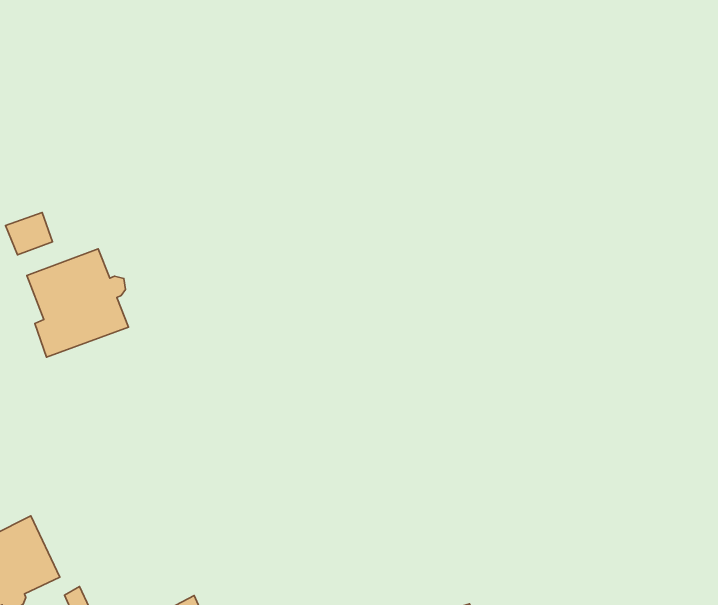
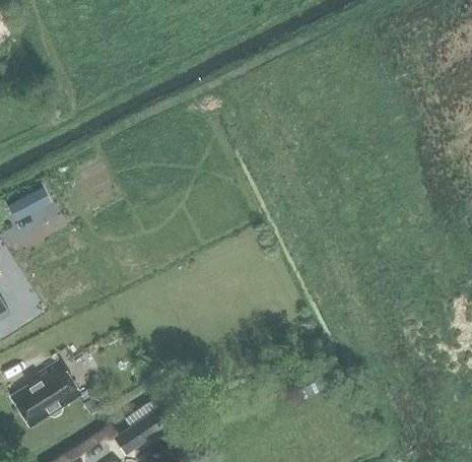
building: [27,249,128,357] -> none

